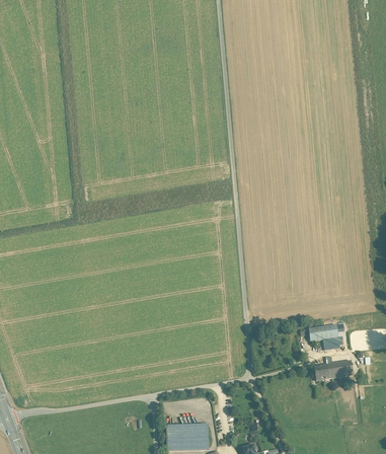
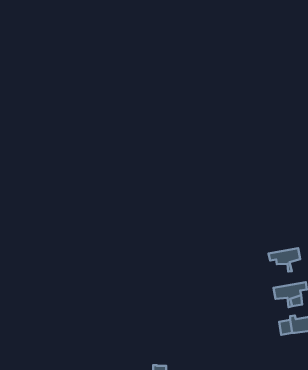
building: none -> [269,248,300,271]

